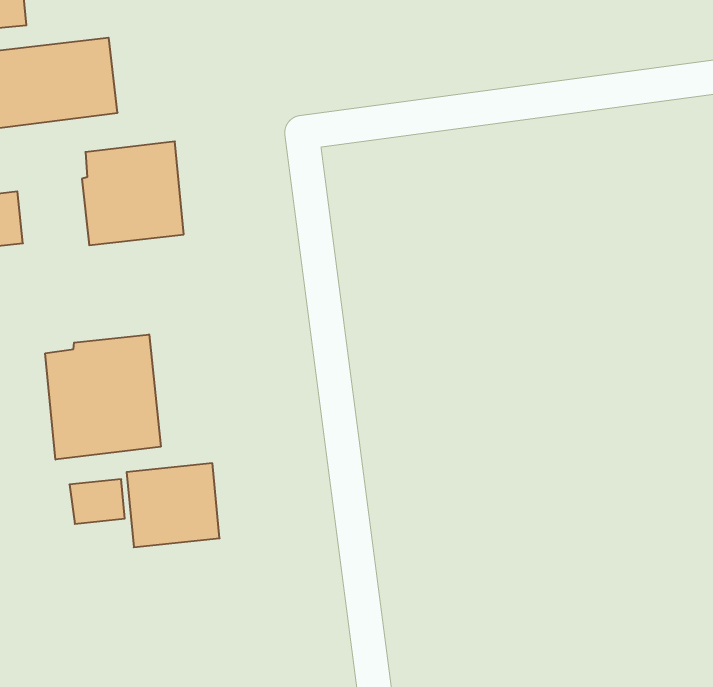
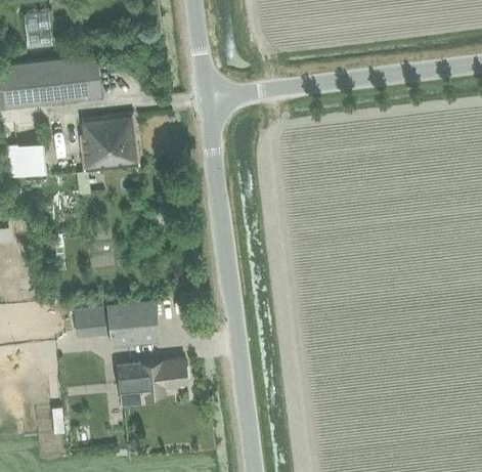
building: [45,334,161,460] -> none
building: none -> [116,358,186,405]

